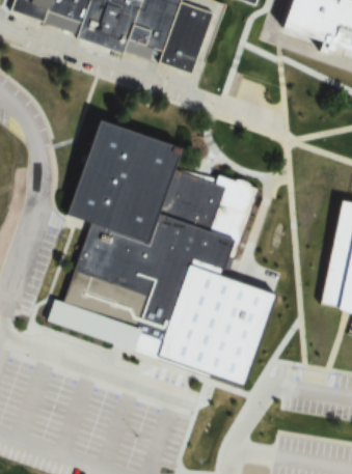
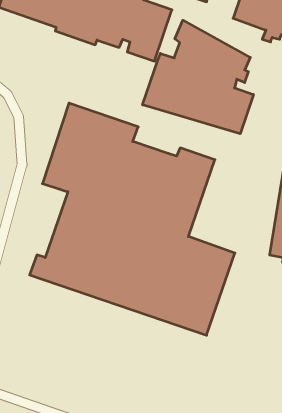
building: none -> [143,20,253,134]

